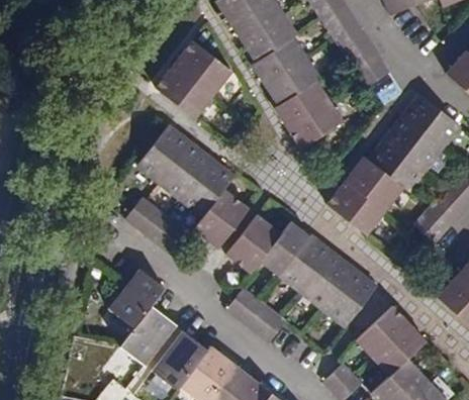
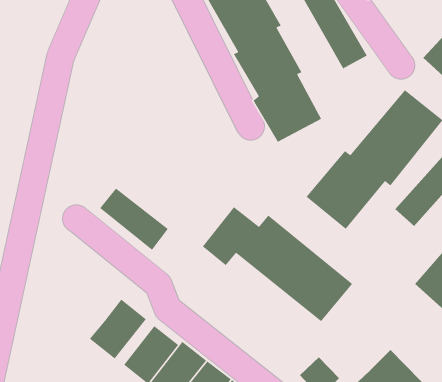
building: [161,39,238,118] -> none
building: [140,124,250,248] -> none
building: [105,268,162,326] -> none
building: [225,289,283,342] -> none
building: [355,304,427,376] -> none

